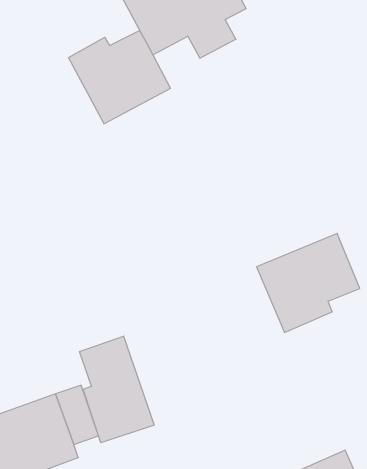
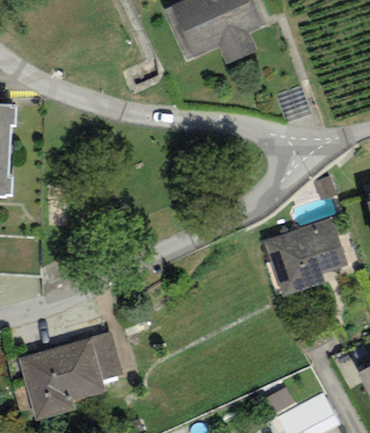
building: [69,30,170,124] -> none
building: [79,336,154,443] -> none

